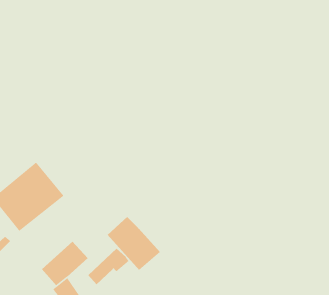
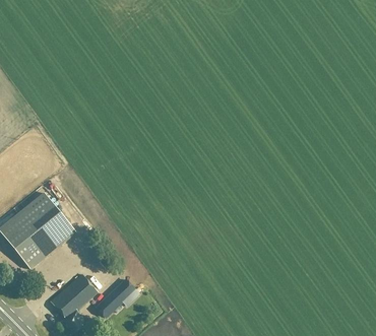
building: [107,216,161,271] -> none

